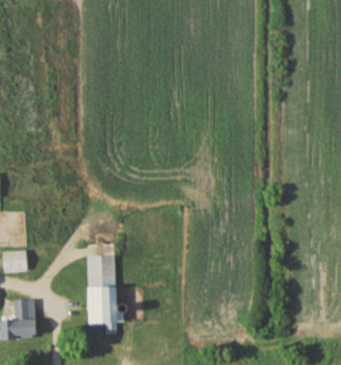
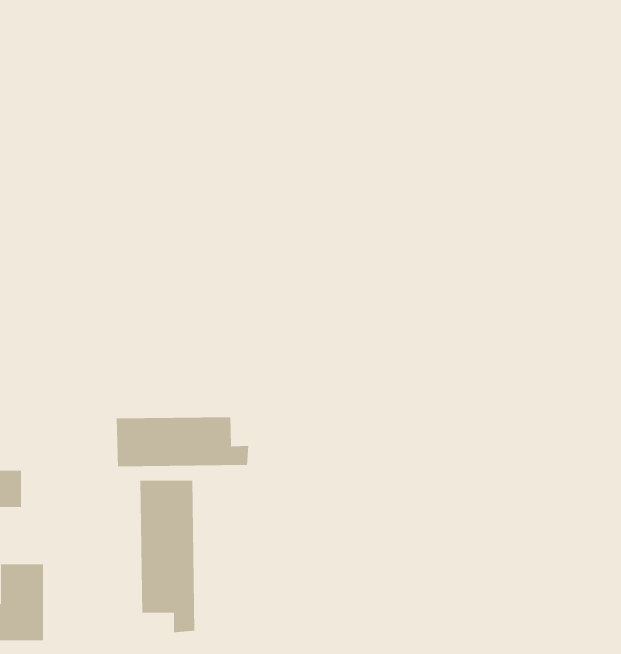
building: none -> [116,416,249,467]

